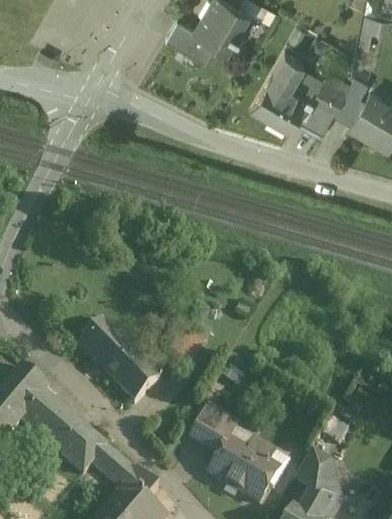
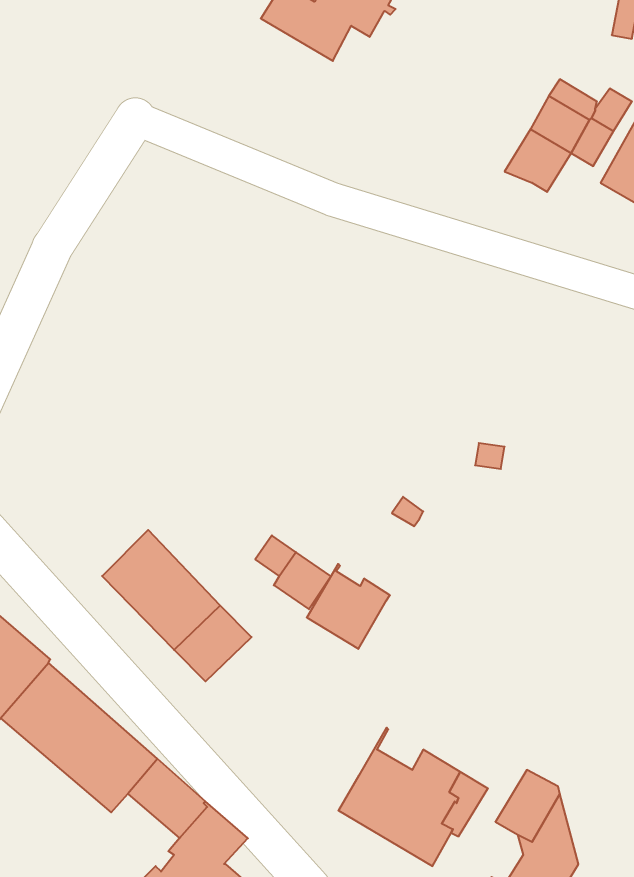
building: [253,52,309,124] -> none
building: [192,405,238,452] -> [307,564,390,649]

